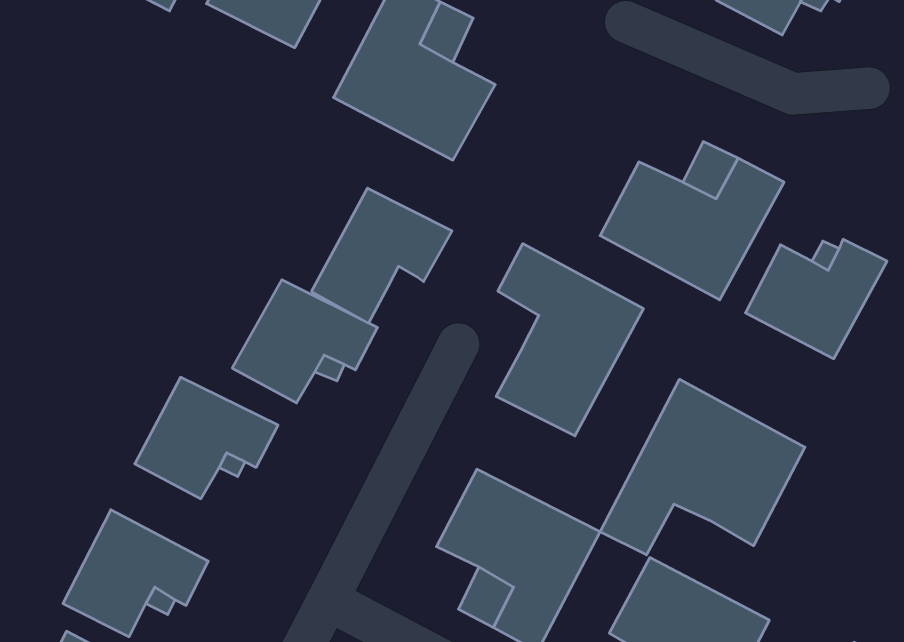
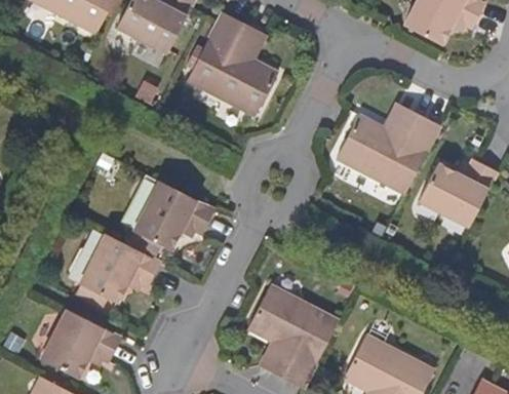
building: [312,188,452,323] -> none
building: [496,244,643,436] -> none
building: [600,379,805,555] -> none

